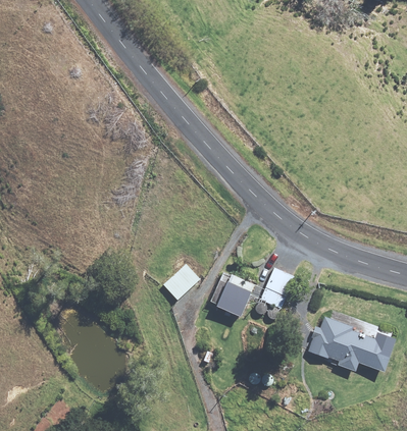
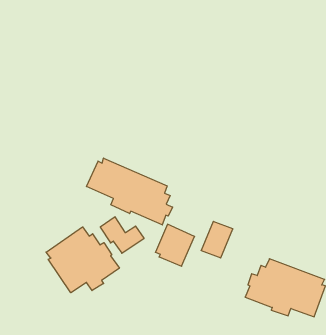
building: none -> [87,158,173,225]
building: none -> [46,227,119,293]

